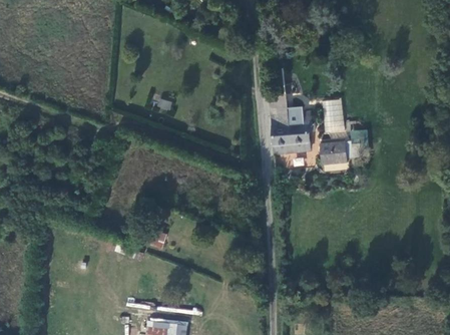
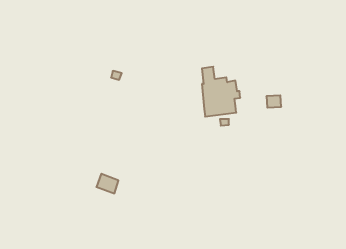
building: [322,97,345,132] -> none
building: [321,142,348,164] -> none

